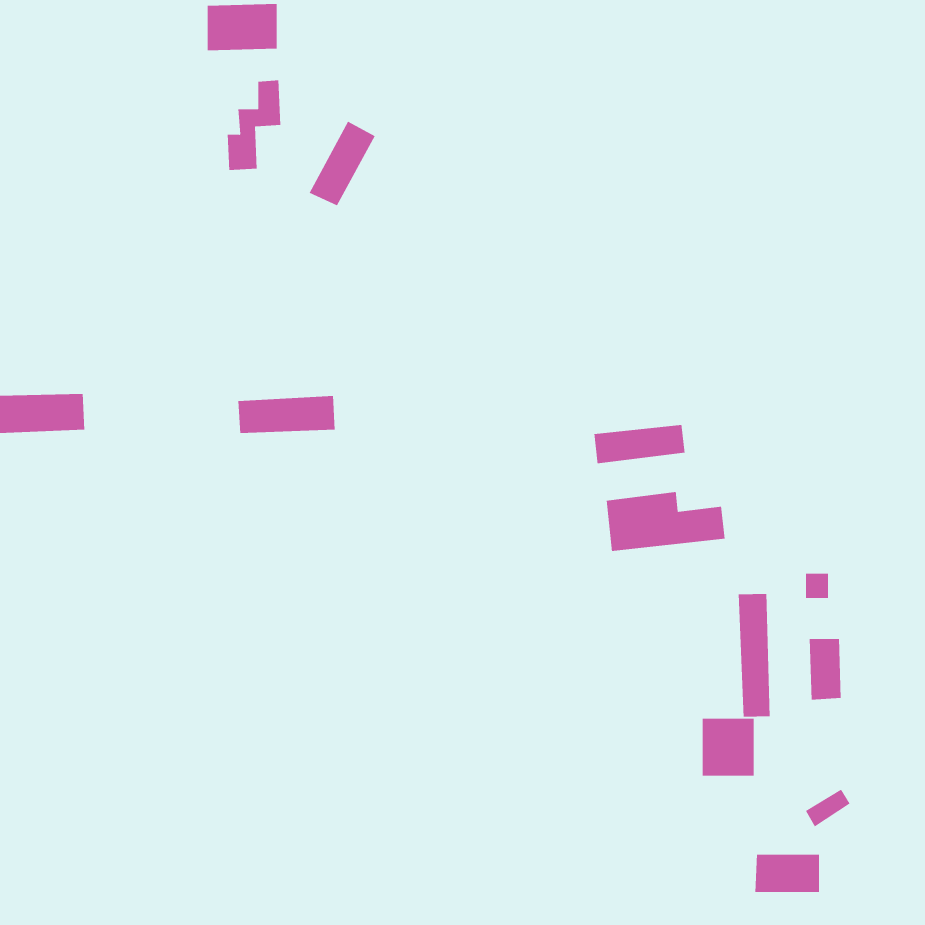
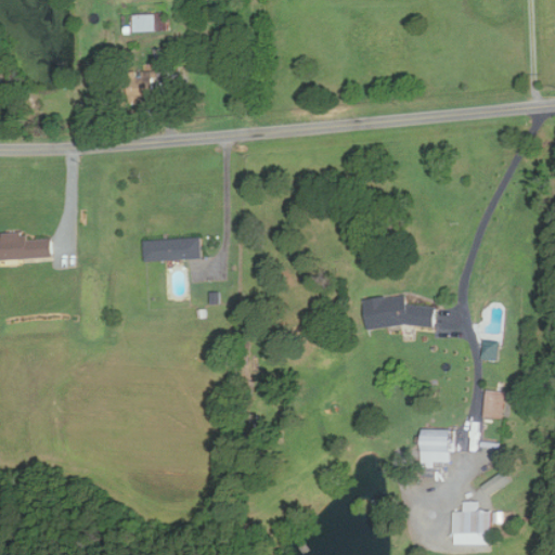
building: [309,121,375,206] -> none
building: [594,424,685,464] -> none
building: [738,593,770,718] -> none

